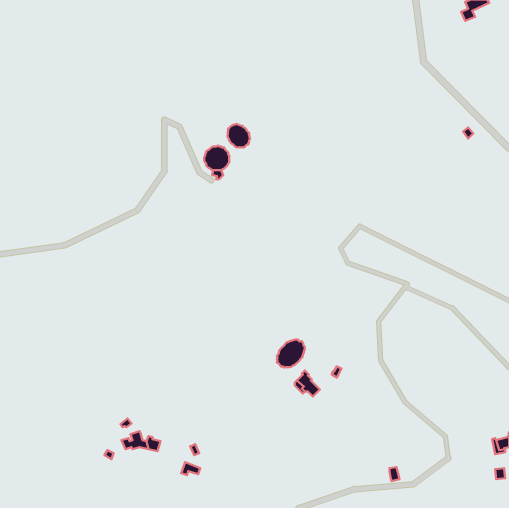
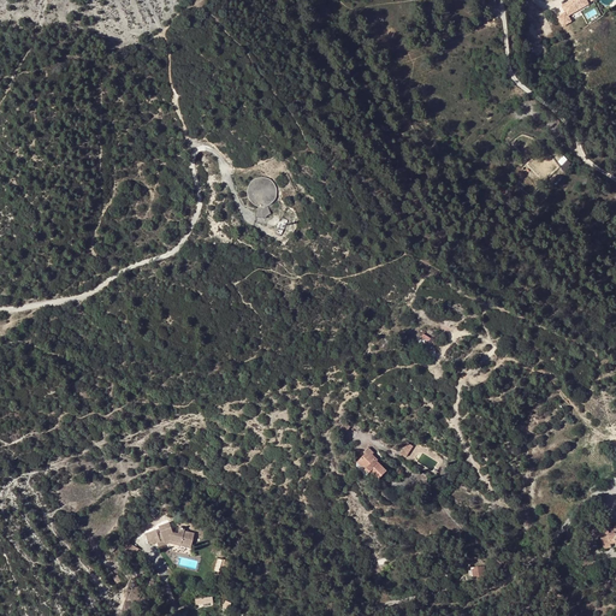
building: [227,124,250,148] -> none
building: [277,339,305,367] -> none

